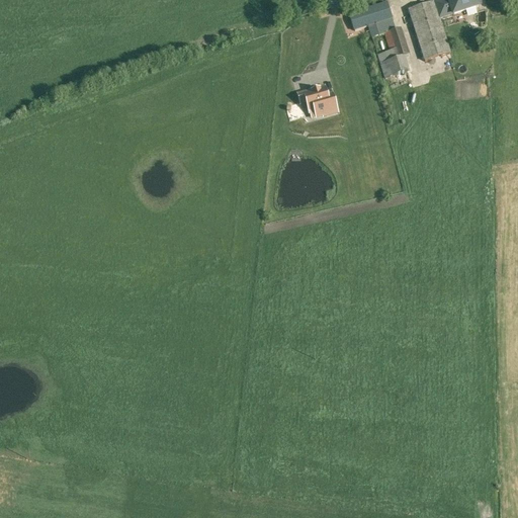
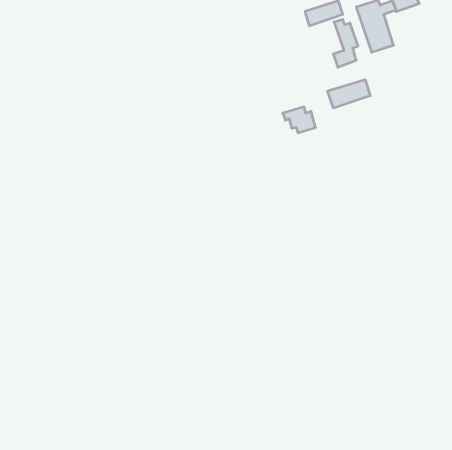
building: [298,86,336,115] -> [283,107,316,133]
building: none -> [328,80,370,108]

